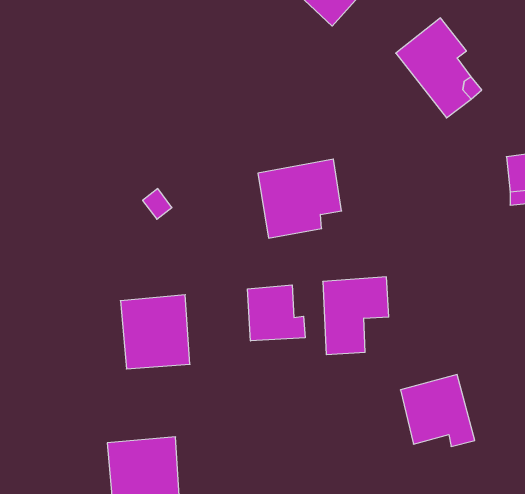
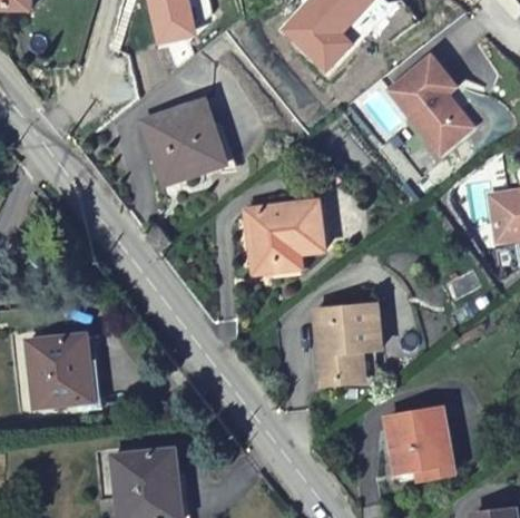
building: none -> [146,107,224,178]
building: [248,285,305,341] -> none
building: [120,295,190,369] -> [22,336,88,407]

